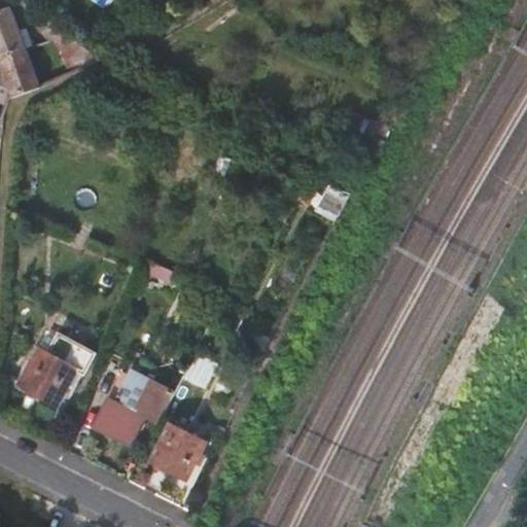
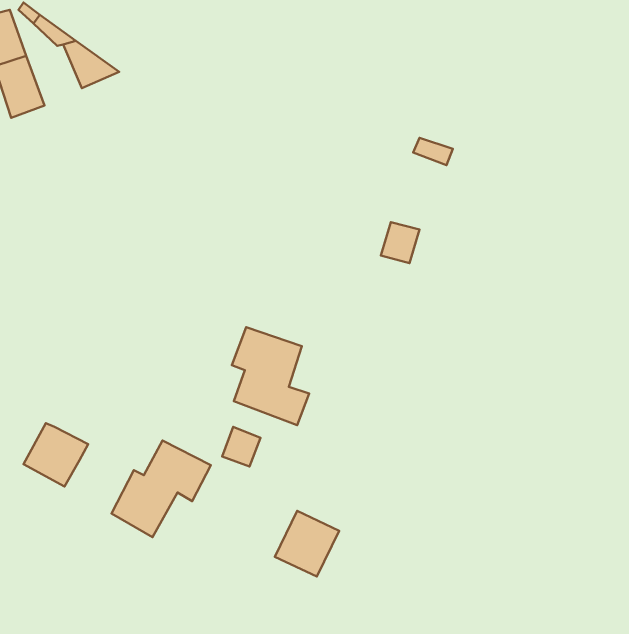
building: none -> [232,327,309,425]
building: [32,326,94,384] -> none
building: [152,427,206,482] -> [275,511,339,577]

